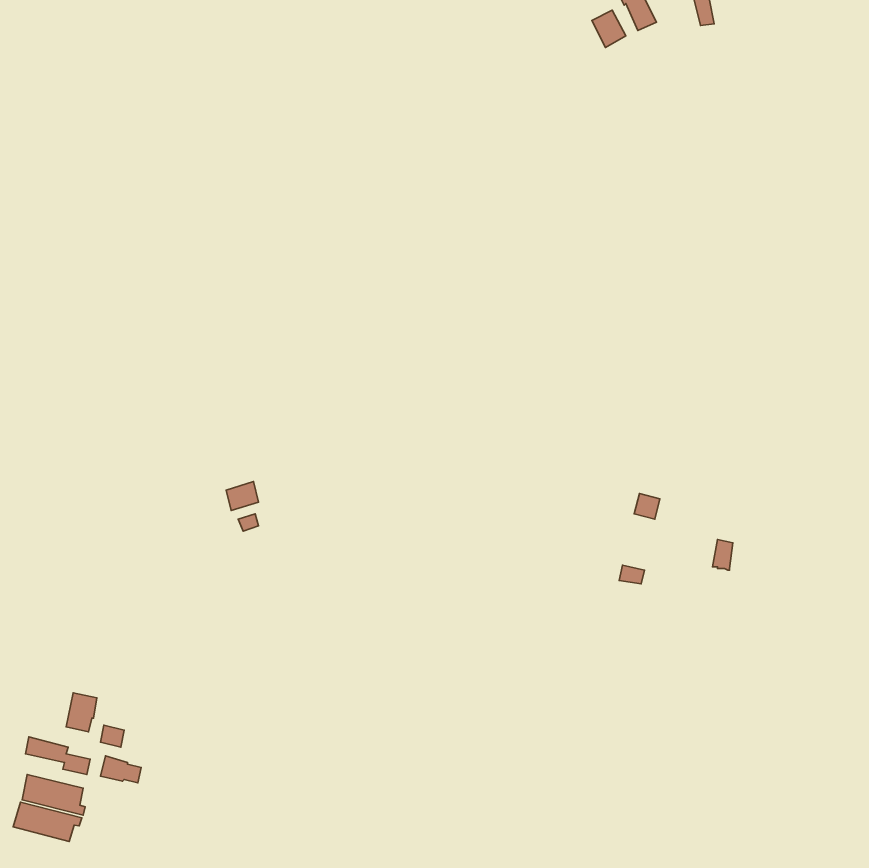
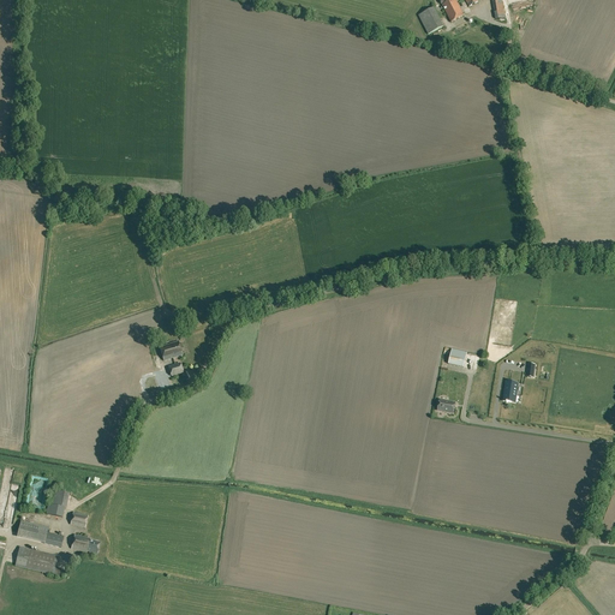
building: [13,802,82,841] -> none

